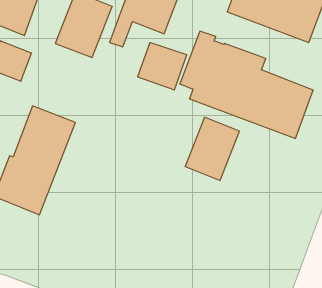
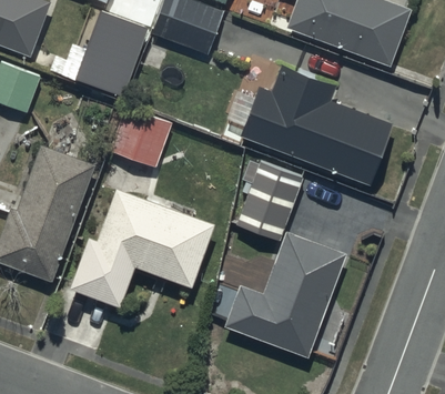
building: [138,43,187,90] -> [109,108,171,168]
building: none -> [71,191,214,309]
building: none -> [223,232,347,360]

